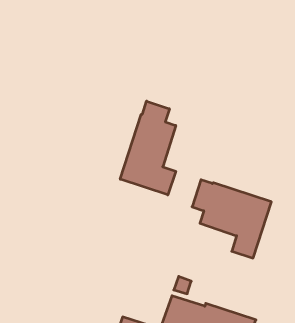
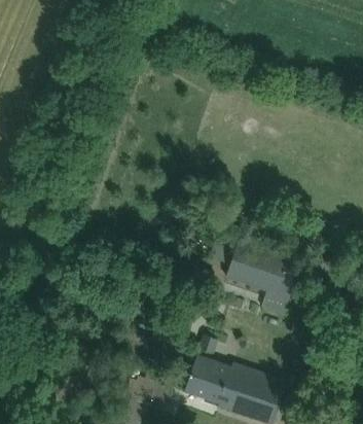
building: [120,101,176,195] -> none

